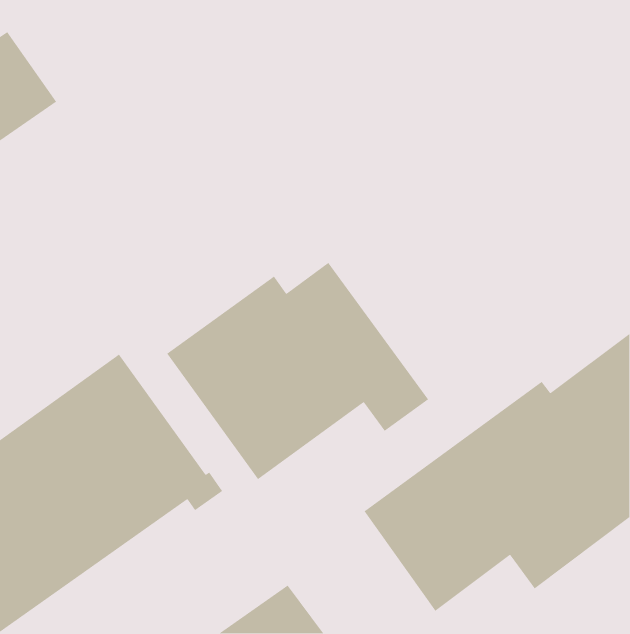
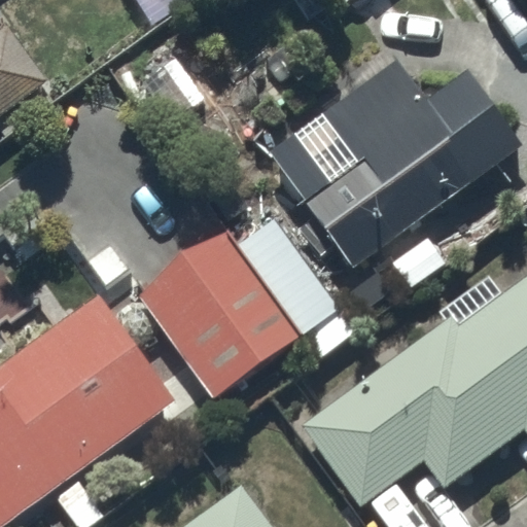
building: none -> [301,60,519,266]

